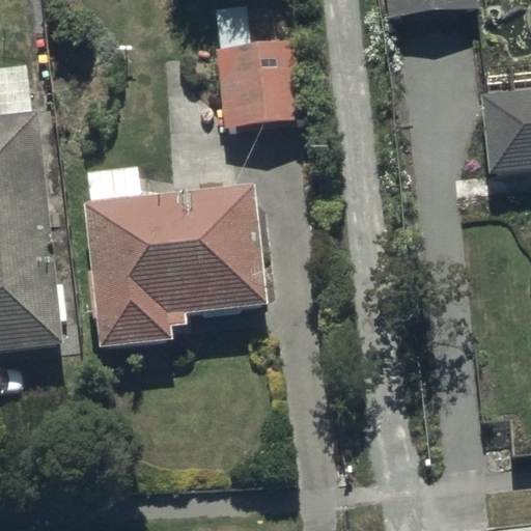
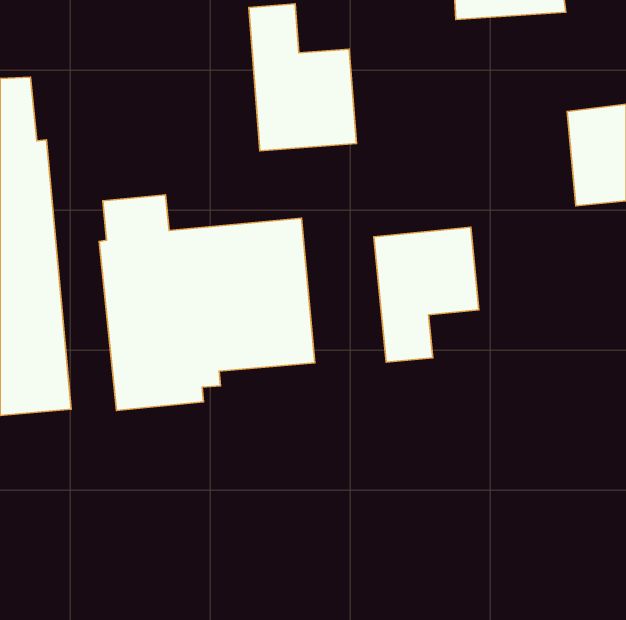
building: none -> [374,227,479,362]

